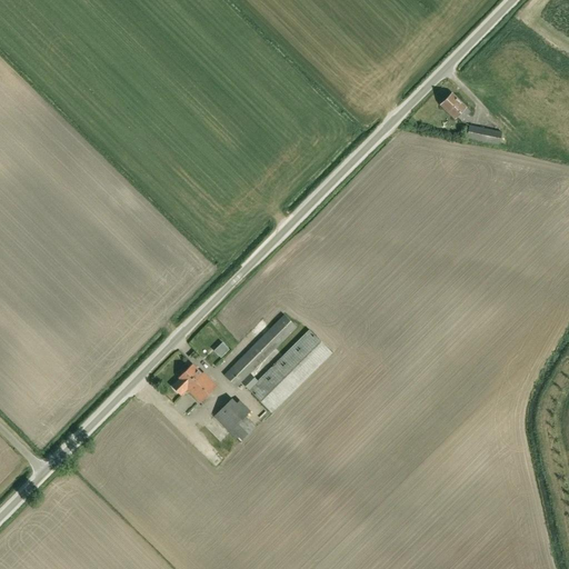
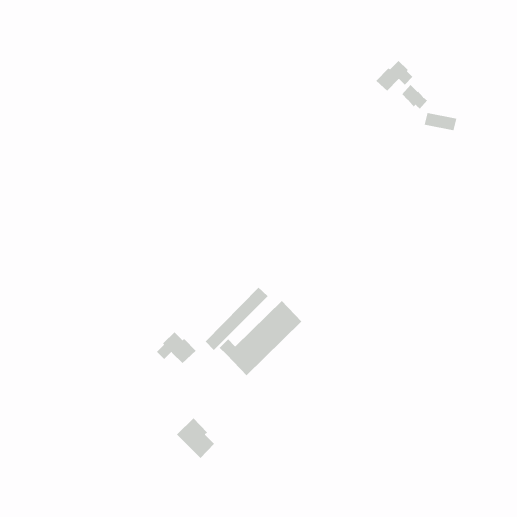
building: none -> [375,60,413,91]
building: [212,397,254,442] -> [176,417,215,459]

